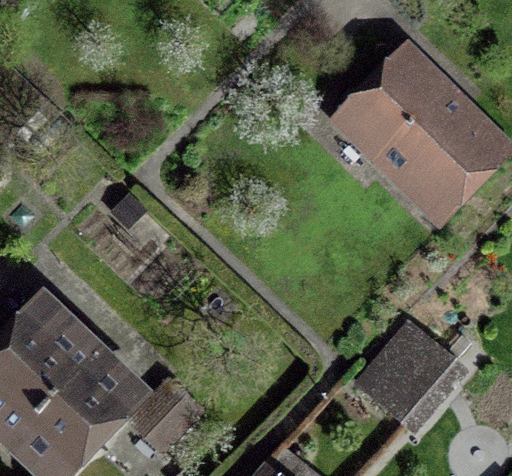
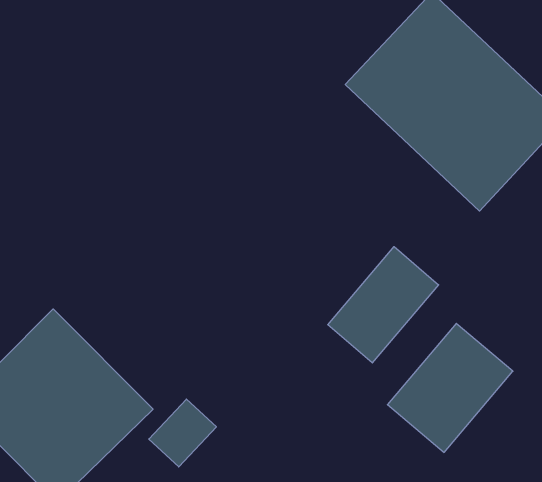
building: none -> [328,247,439,363]

